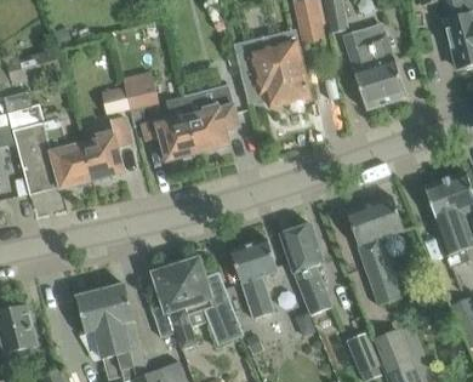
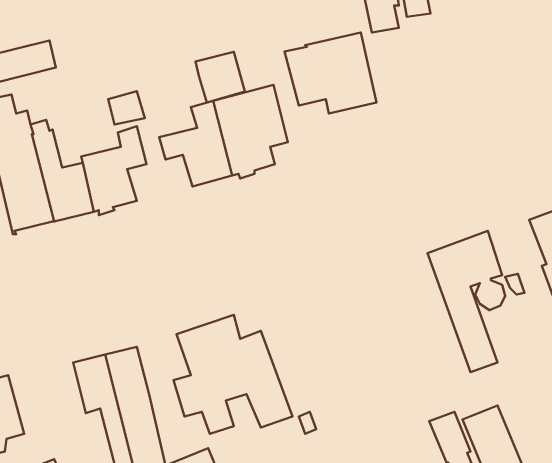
building: [347,33,406,109] -> none
building: [121,69,159,108] -> [196,52,245,103]
building: [279,222,332,313] -> none
building: [229,236,278,315] -> none

